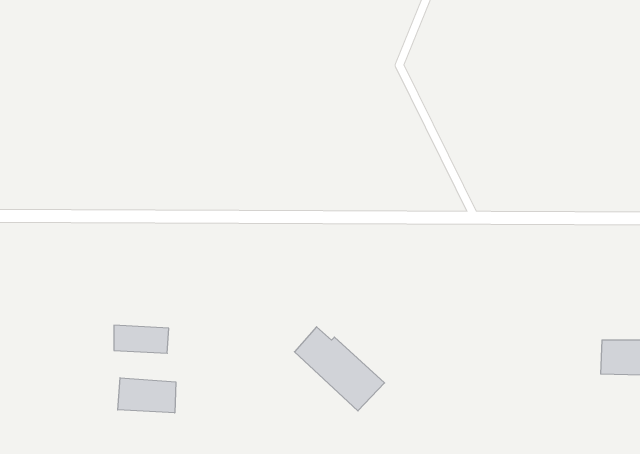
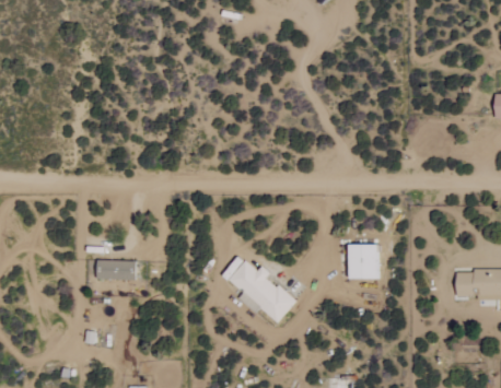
building: none -> [347,244,375,279]
building: [118,378,176,413] -> none

